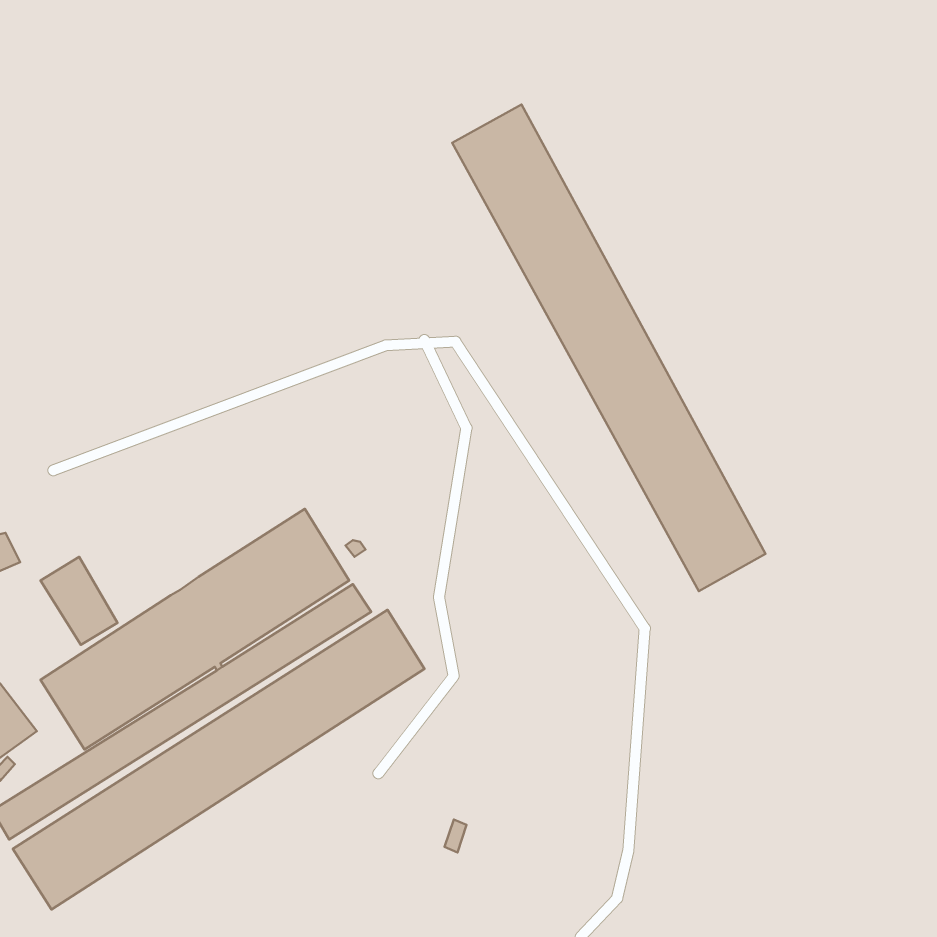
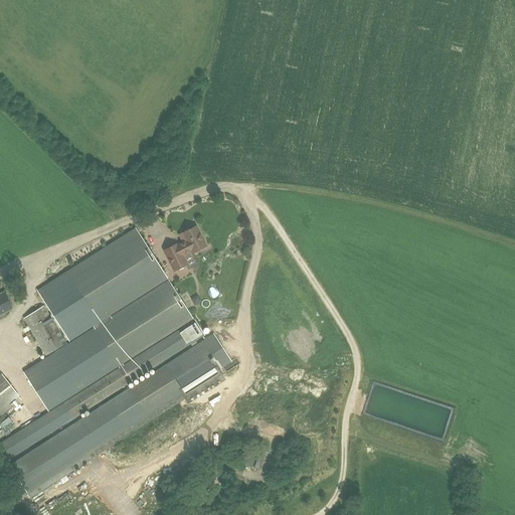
building: [452,104,766,591] -> none
building: none -> [163,225,205,270]
building: none -> [36,227,166,341]

